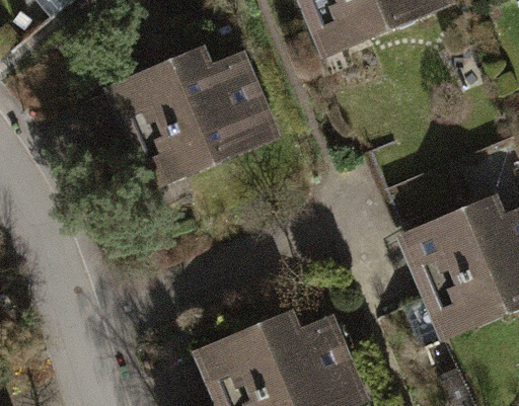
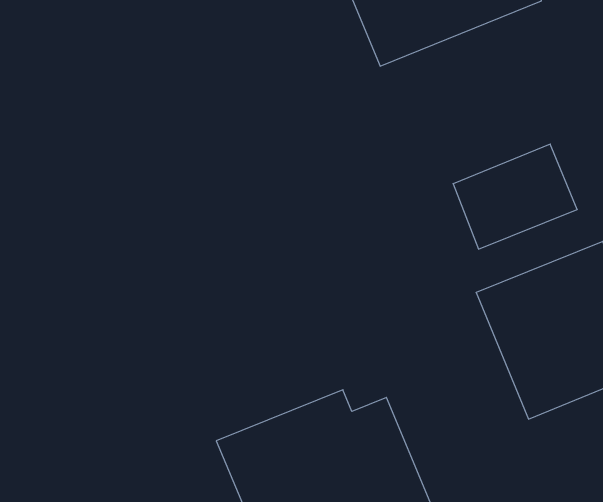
building: [108,47,278,188] -> none

